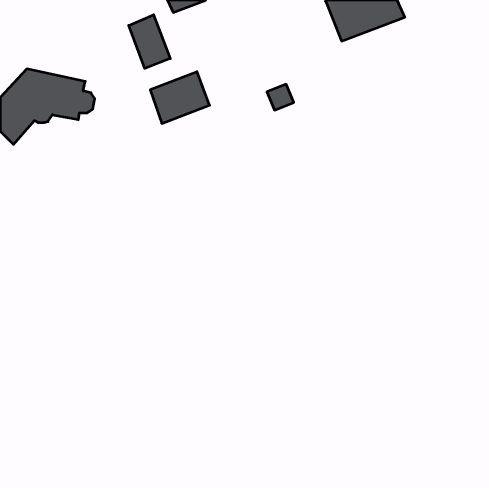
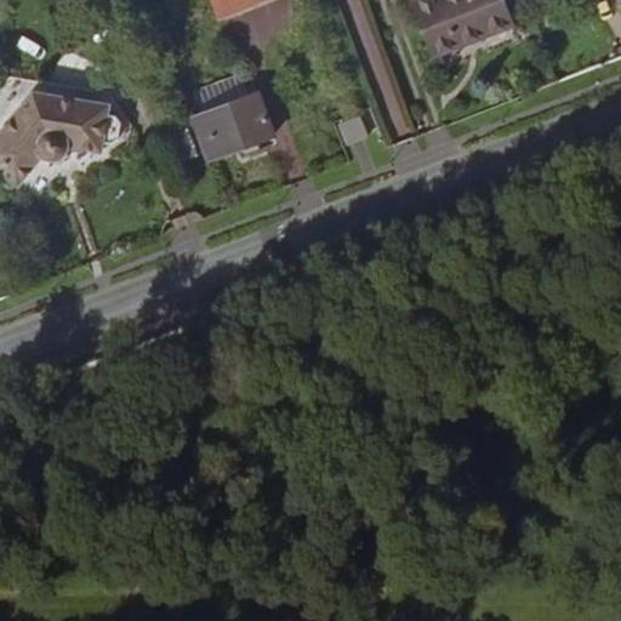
building: [129,15,170,68] -> none

